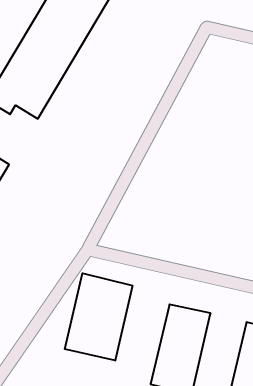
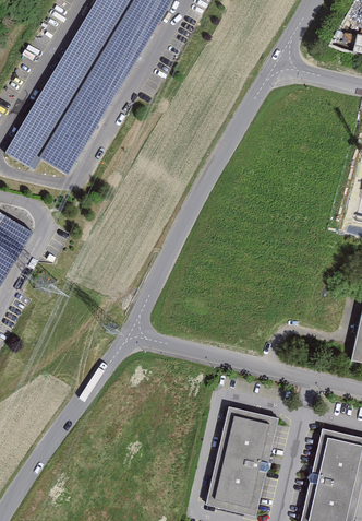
building: [65,273,132,361] -> none

